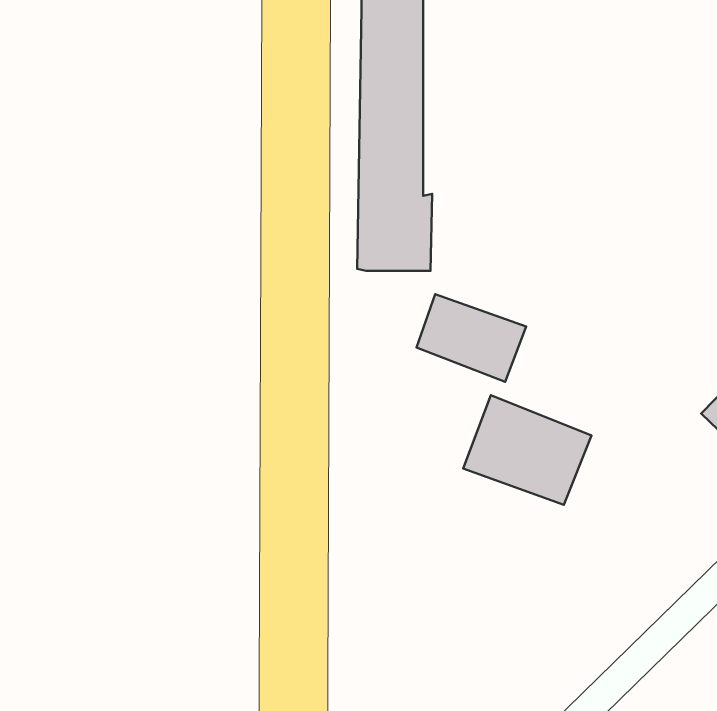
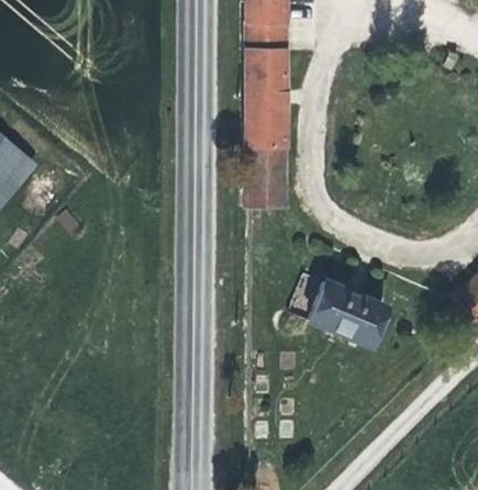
building: [417,294,526,382] -> none

